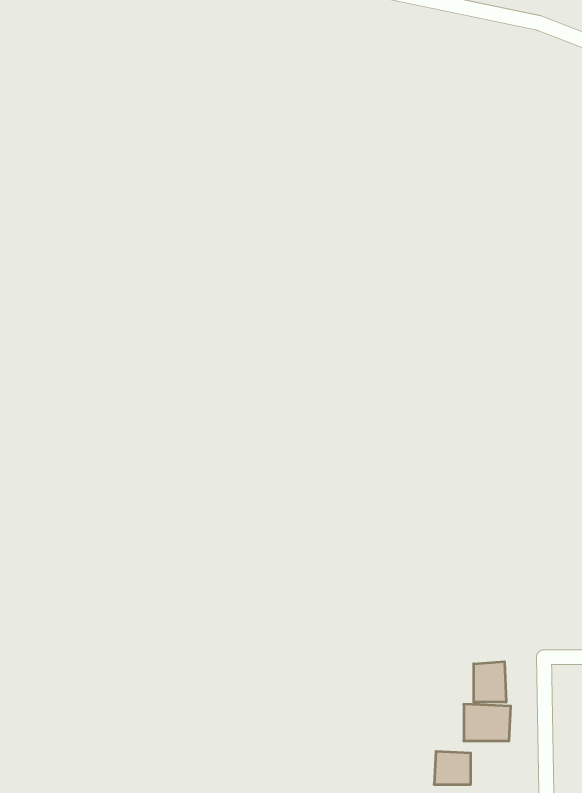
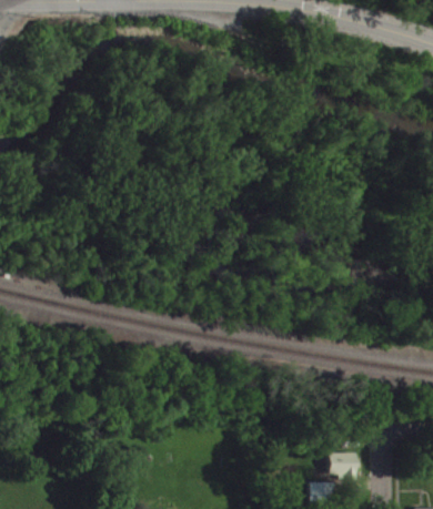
building: [474,662,506,702] -> none

